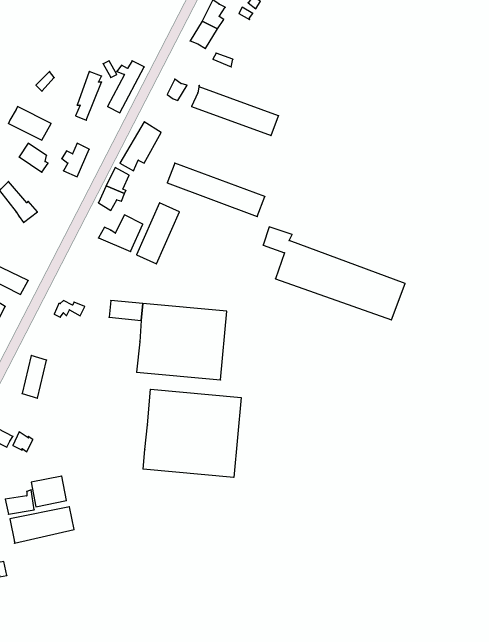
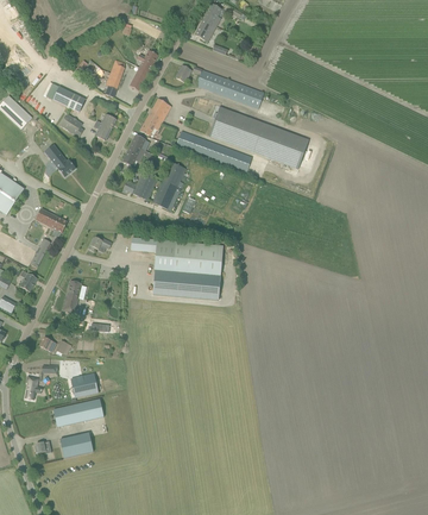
building: [263,227,405,320] -> [199,95,309,168]
building: [143,389,241,477] -> none
building: none -> [59,432,93,457]

